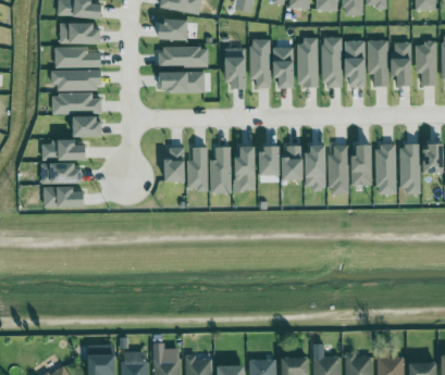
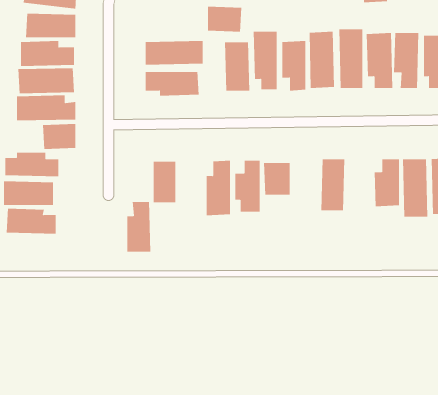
building: [160,18,189,40] -> [207,6,242,32]
building: [327,143,348,193] -> none
building: [283,145,304,179] -> none
building: [187,147,208,189] -> [127,202,151,252]

